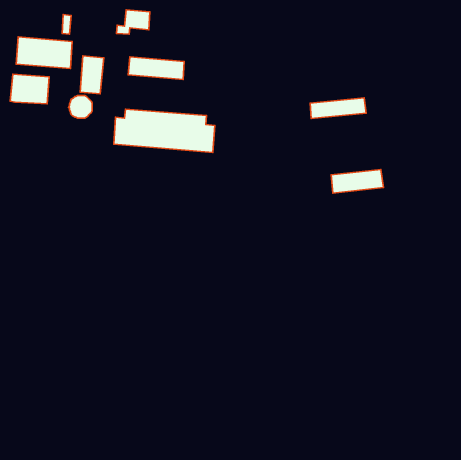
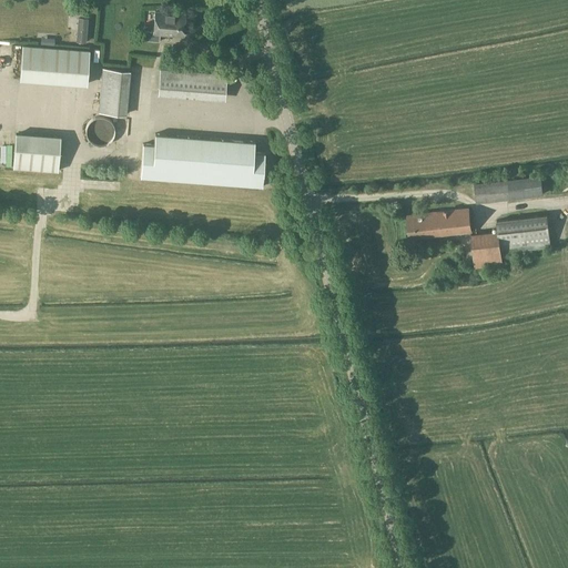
building: [10,74,49,104] -> [12,135,60,172]
building: [310,98,366,118] -> [475,178,544,203]
building: none -> [471,215,551,267]

